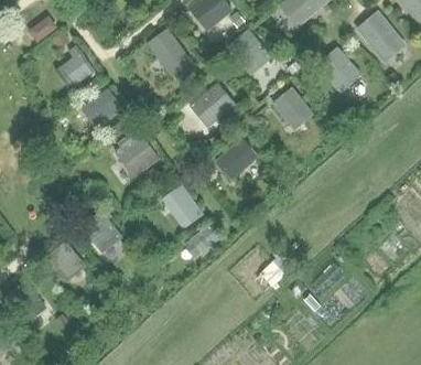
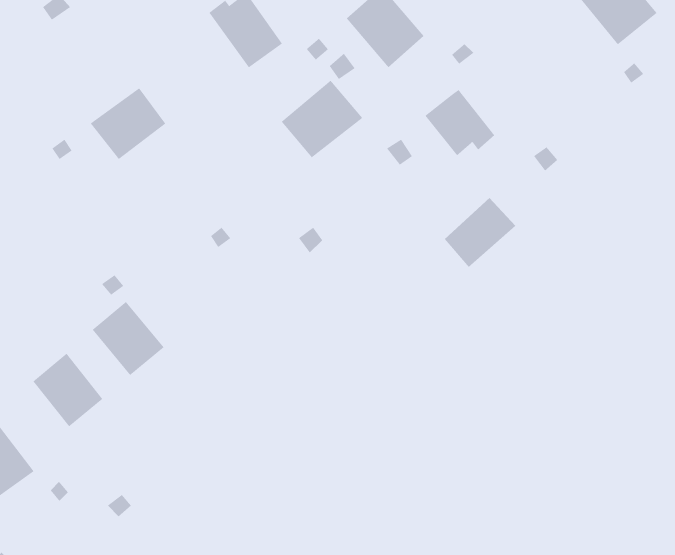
building: [54,45,96,90] -> none
building: [316,47,361,94] -> none
building: [115,132,160,179] -> none
building: [215,139,257,180] -> [444,197,516,268]
building: [161,186,199,229] -> none

